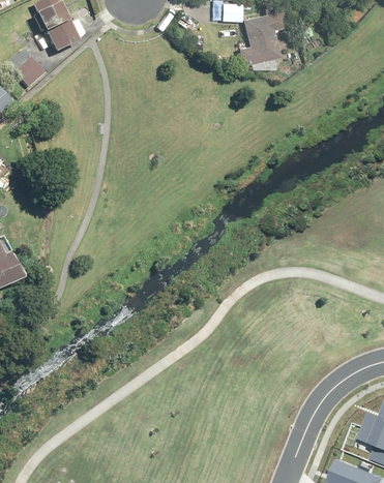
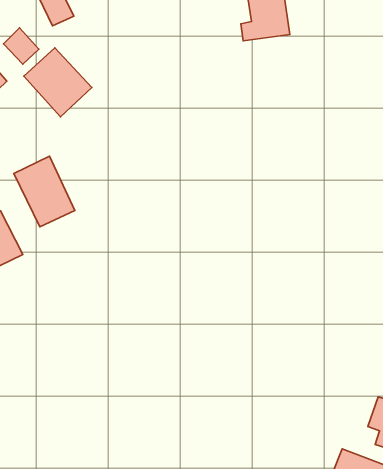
building: none -> [24,48,92,117]
building: none -> [14,156,75,227]

